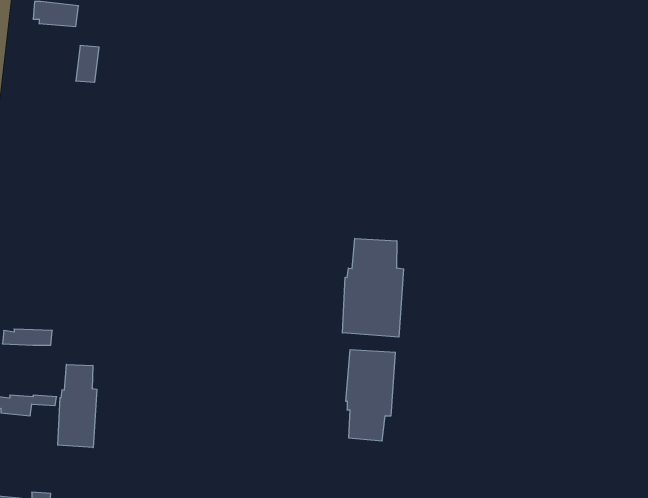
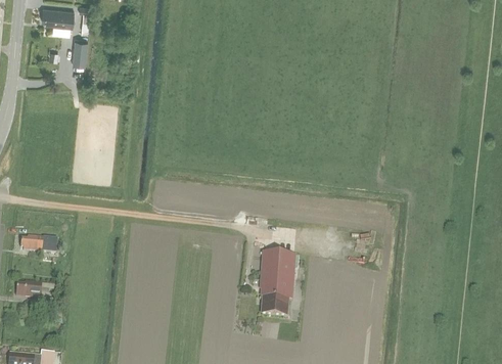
building: [342,238,404,337] -> none
building: [58,364,97,448] -> none

